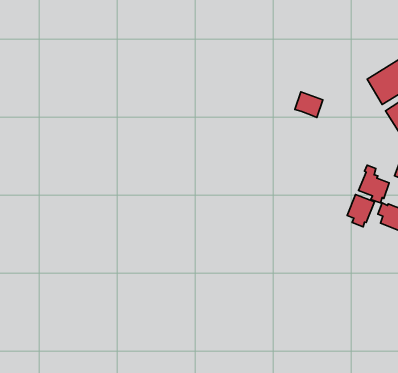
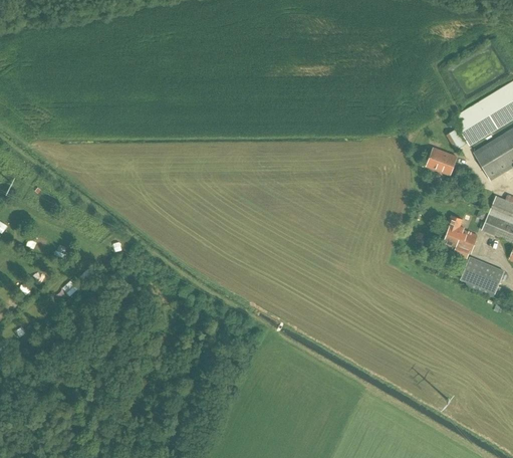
building: [295,92,323,117] -> [427,148,459,177]
building: [347,195,374,227] -> none

